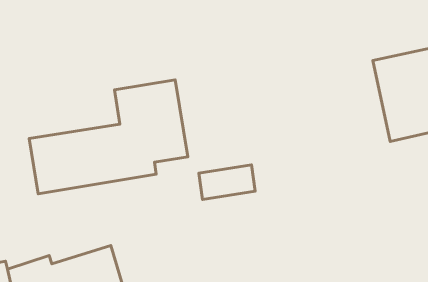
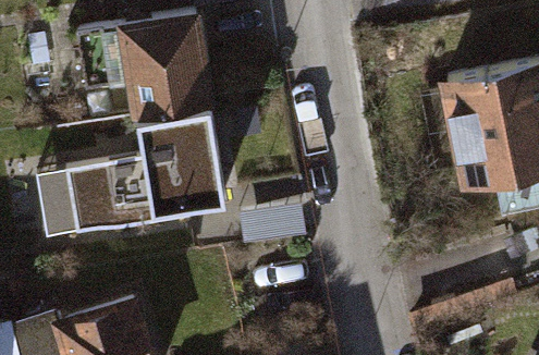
building: none -> [78,11,212,112]

